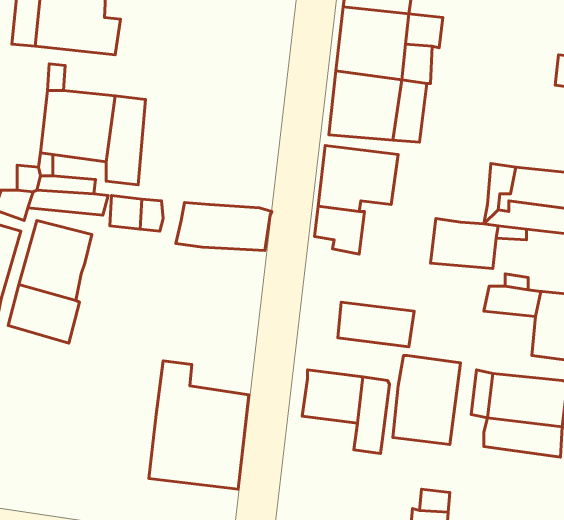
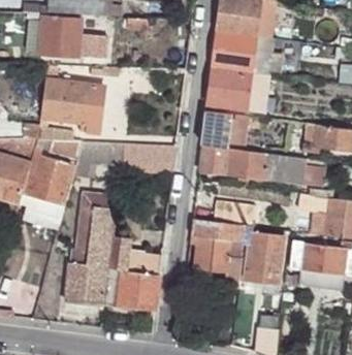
building: none -> [226,152,270,182]
building: none -> [66,193,117,308]
building: none -> [190,222,255,253]

